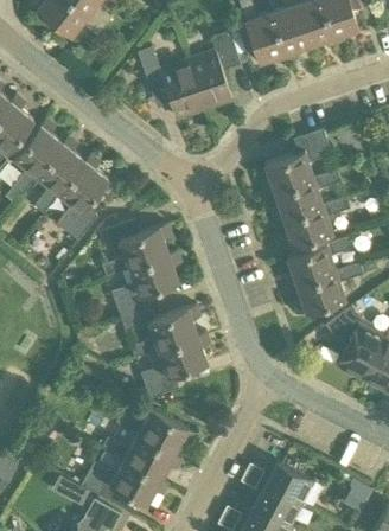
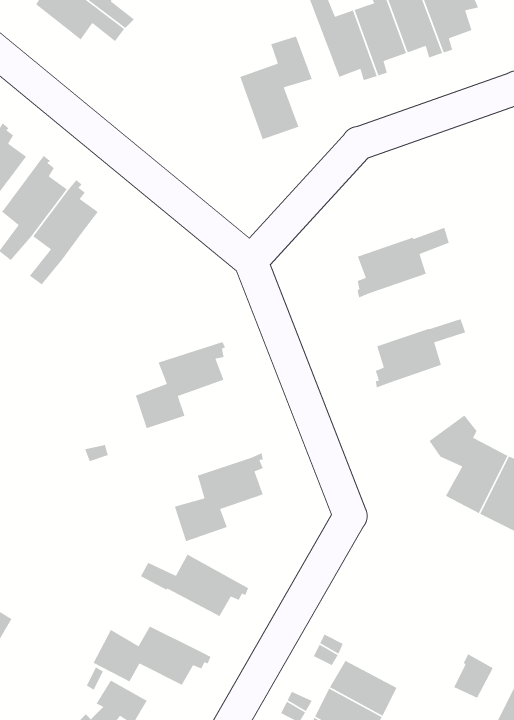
building: [136,49,204,119] -> none
building: [262,129,331,196] -> none
building: [57,154,108,239] -> none
building: [281,198,350,249] -> none
building: [102,222,176,277] -> none
building: [294,263,362,315] -> none
building: [120,308,197,358] -> none
building: [102,434,181,479] -> none
building: [264,461,315,505] -> none

